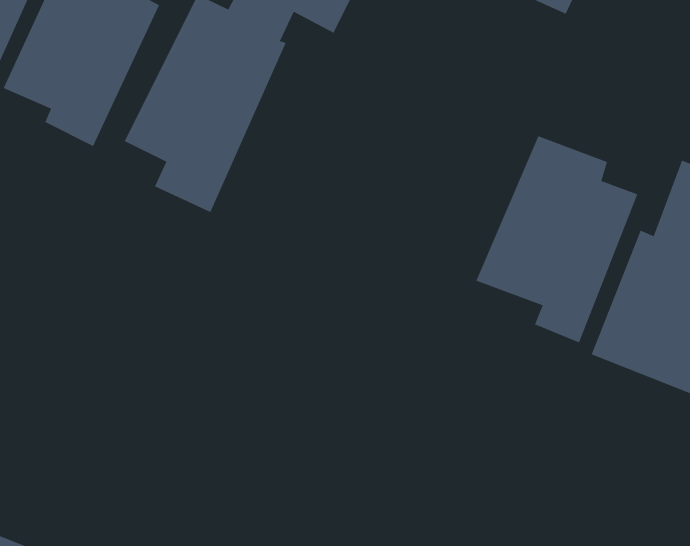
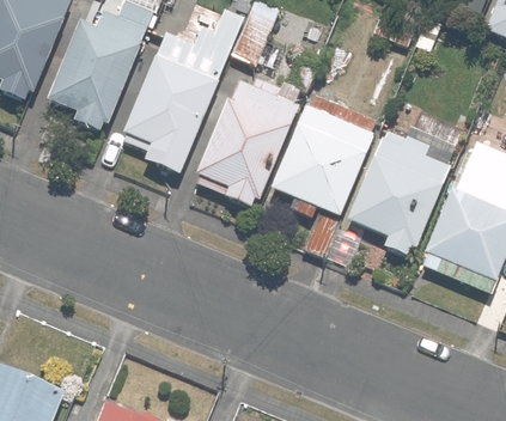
building: none -> [194,75,301,209]
building: none -> [269,92,383,257]

